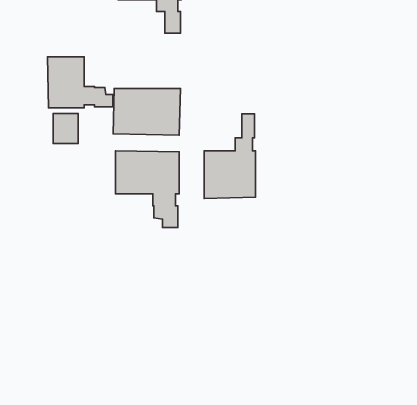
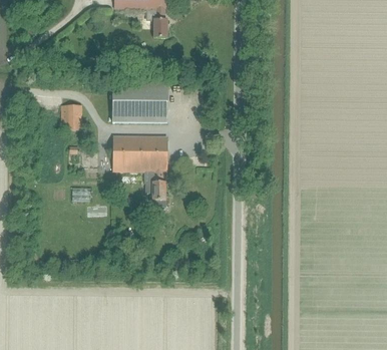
building: [47,57,113,108] -> none
building: [204,114,255,198] -> none

